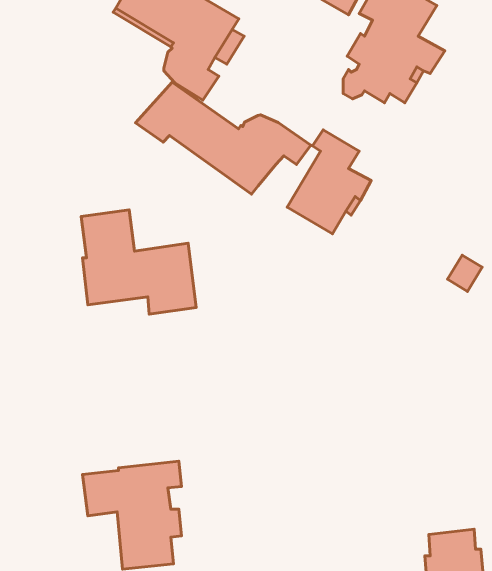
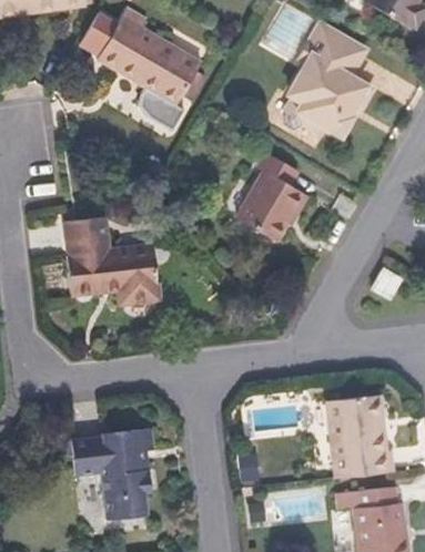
building: [135,82,311,194] -> none
building: none -> [326,395,388,478]

